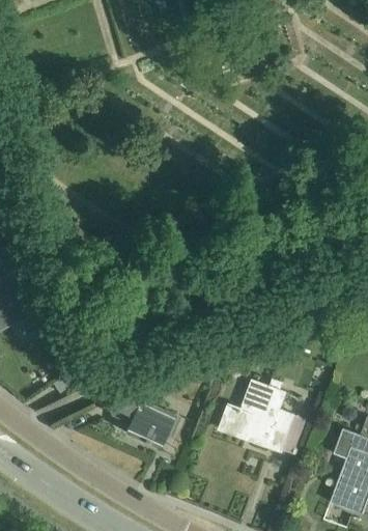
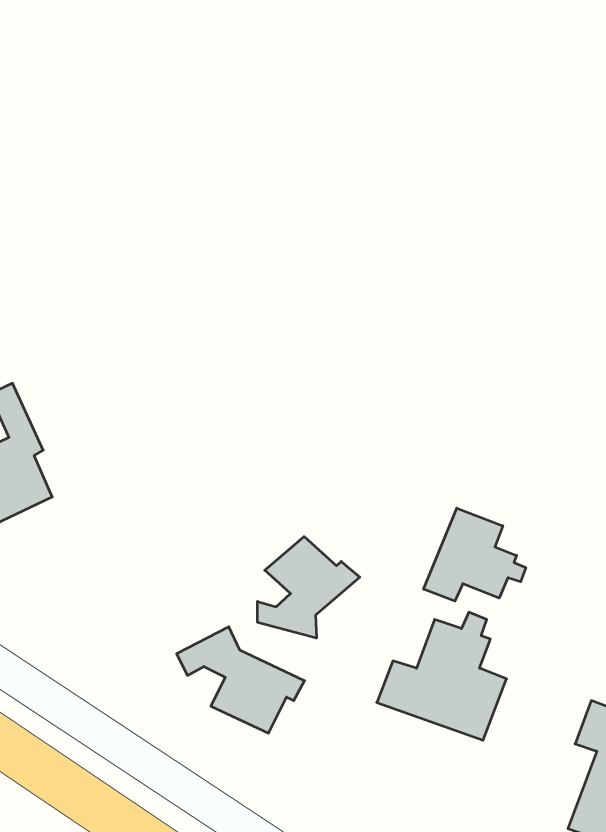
building: none -> [424,508,526,601]
building: none -> [258,537,360,638]

